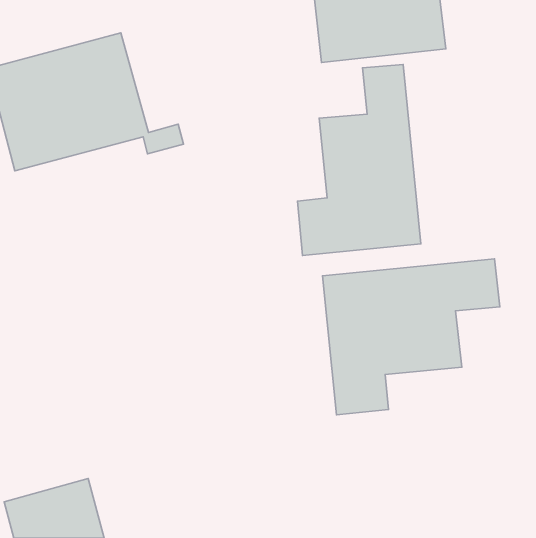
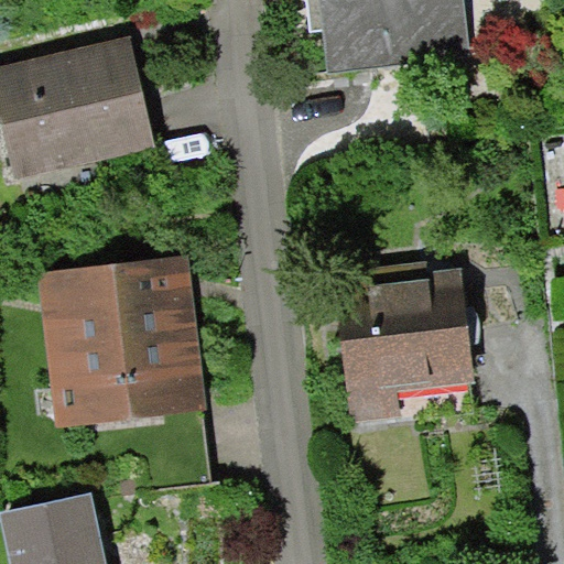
building: [297,64,421,256] -> none
building: none -> [34,256,206,432]

